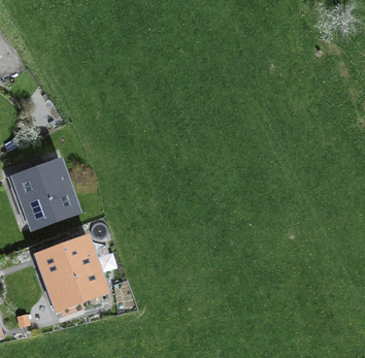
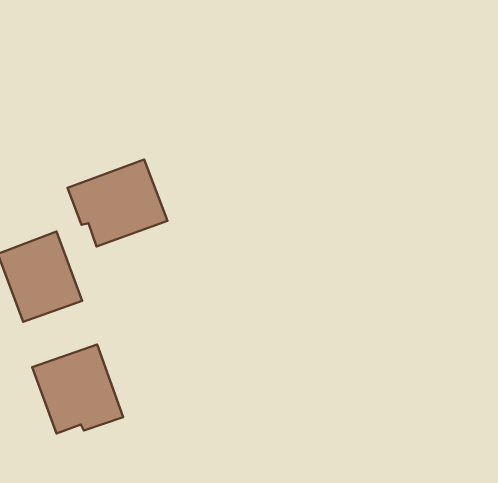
building: none -> [67,160,167,247]

